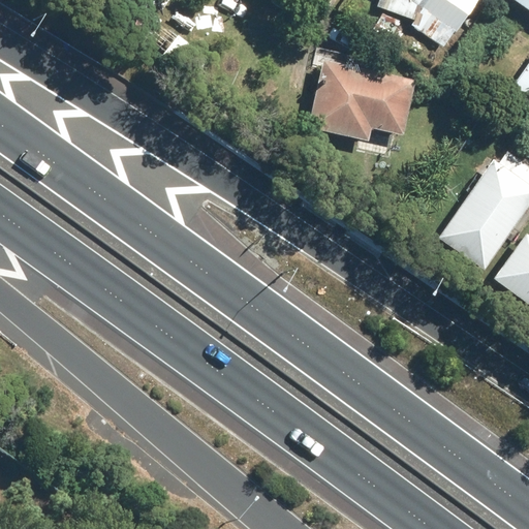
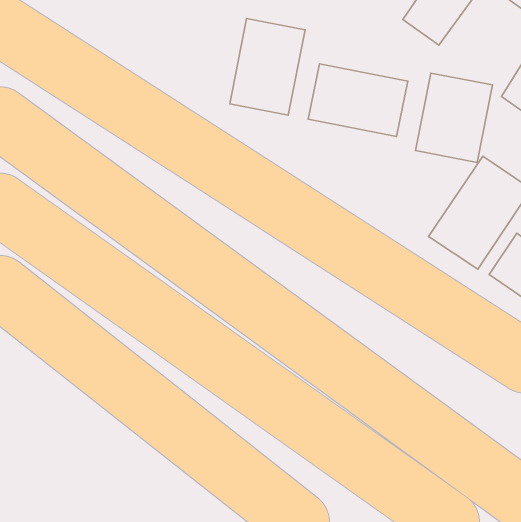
building: none -> [230,19,305,115]
building: none -> [416,73,492,162]

